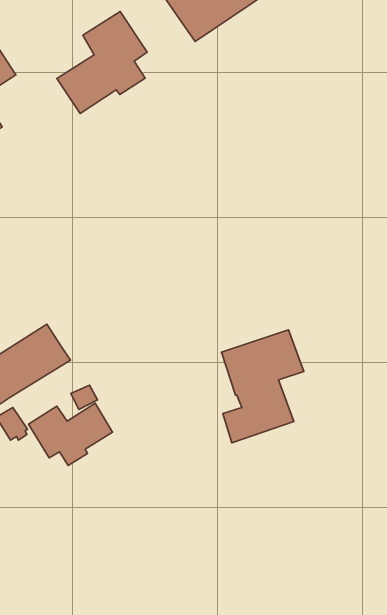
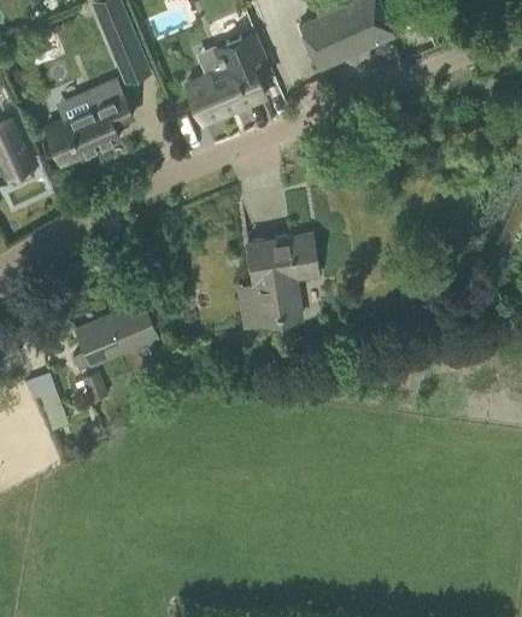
building: [221,330,304,443] -> [237,234,317,327]
building: [29,403,113,465] -> none

